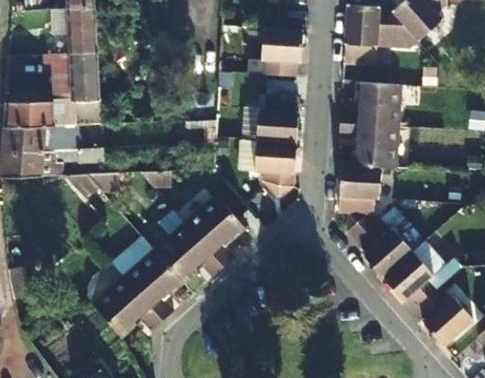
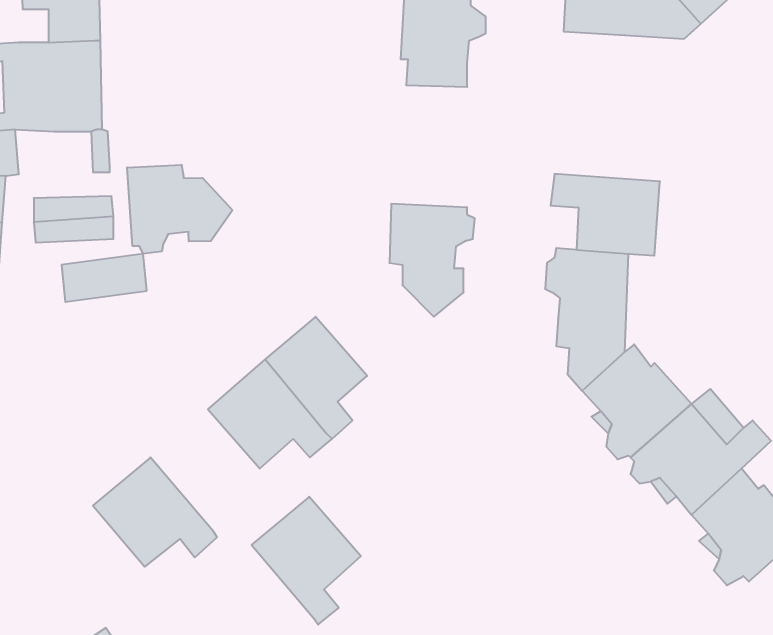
building: [343,82,403,126] -> none
building: [255,94,301,140] -> none
building: none -> [127,165,232,254]
building: [125,249,184,318] -> [252,497,361,625]

